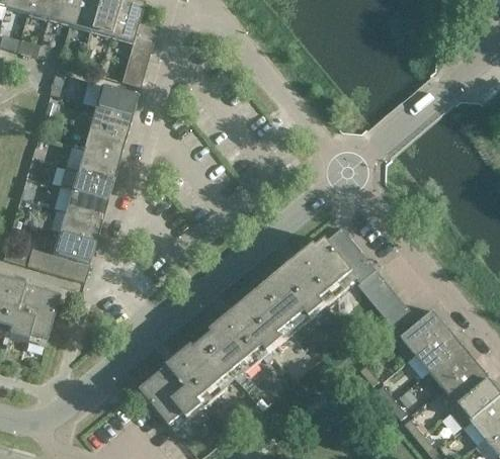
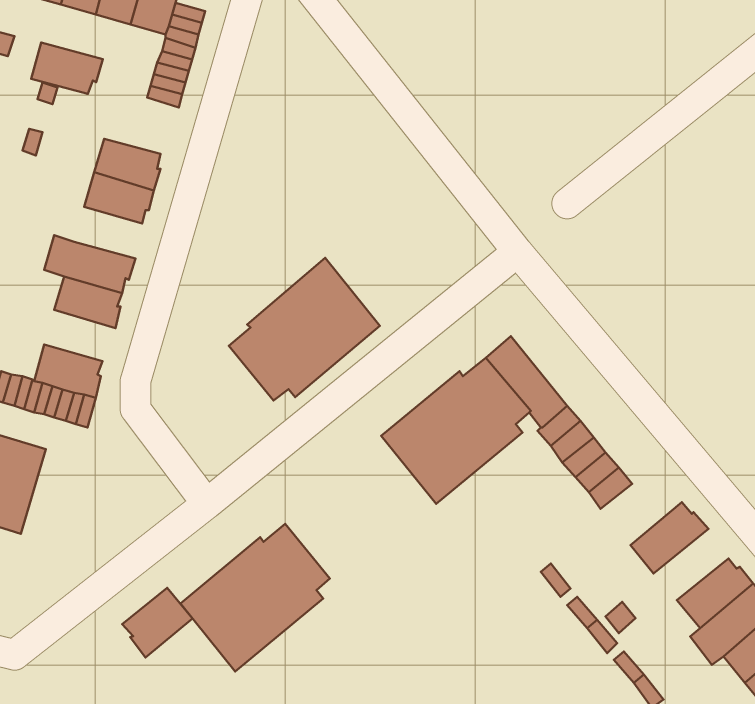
building: [92,83,136,114] -> [31,43,103,94]
building: [74,147,115,178] -> none
building: [56,209,99,241] -> none
building: [202,286,295,373] -> [229,258,380,401]
building: [399,308,444,353] -> none
building: [427,343,473,386] -> none
building: none -> [122,588,193,658]

